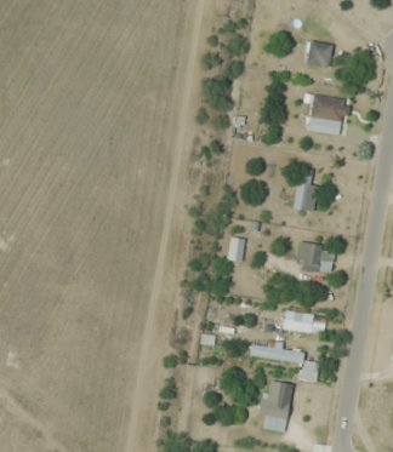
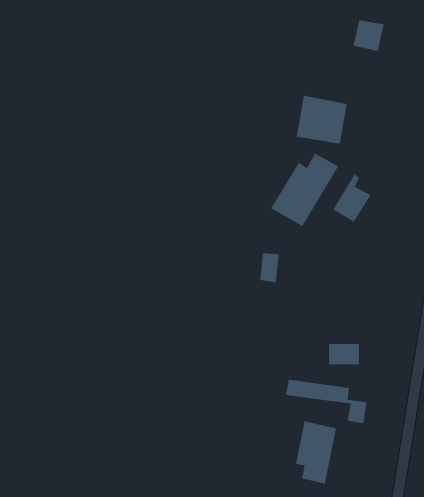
building: [307,95,351,136] -> [296,95,348,144]
building: none -> [271,153,339,227]
building: [297,245,334,271] -> none

